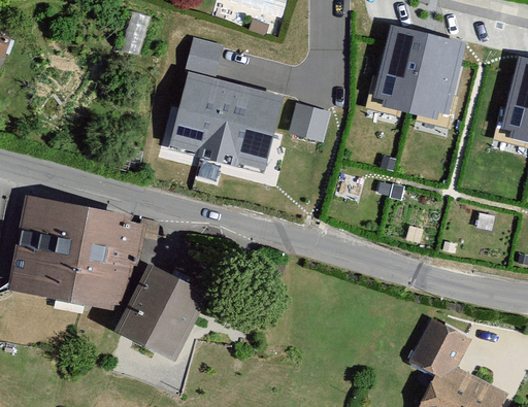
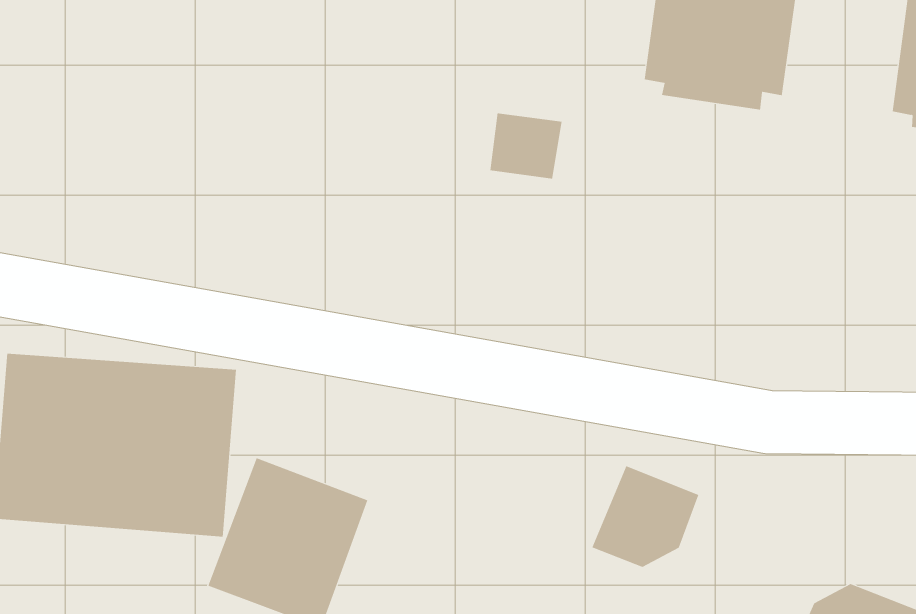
building: [184,36,226,74] -> none
building: [169,72,284,169] -> none
building: [409,324,469,378] -> [592,466,699,567]

